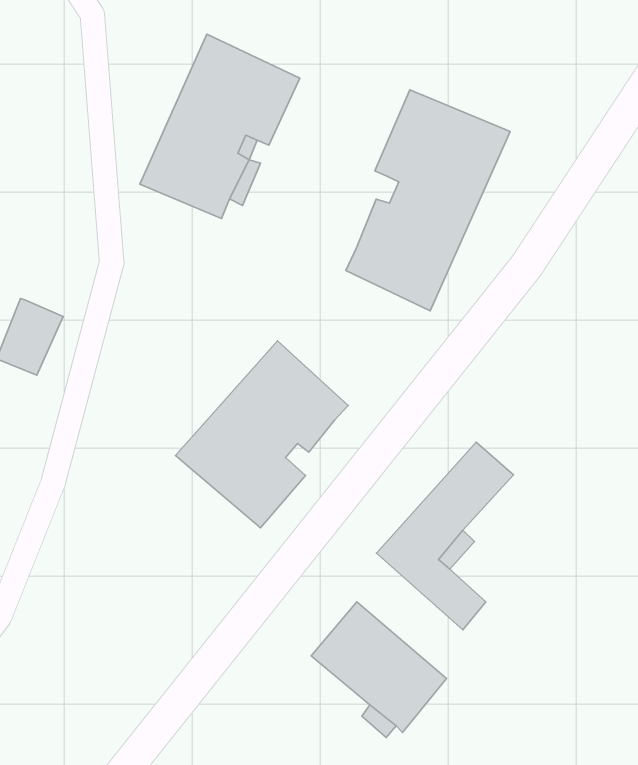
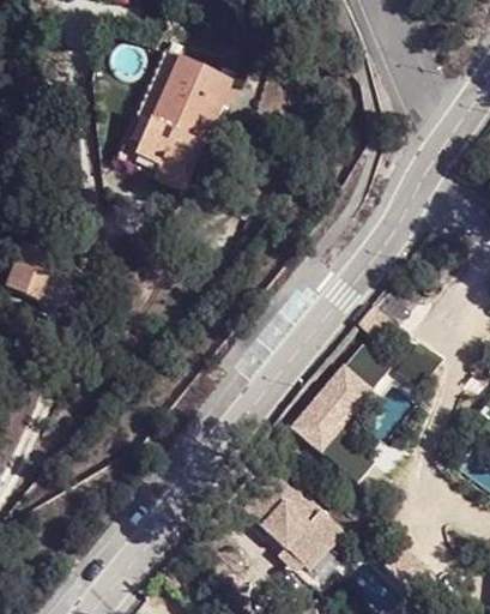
building: [346,90,510,311] -> none
building: [176,341,348,528] -> none

